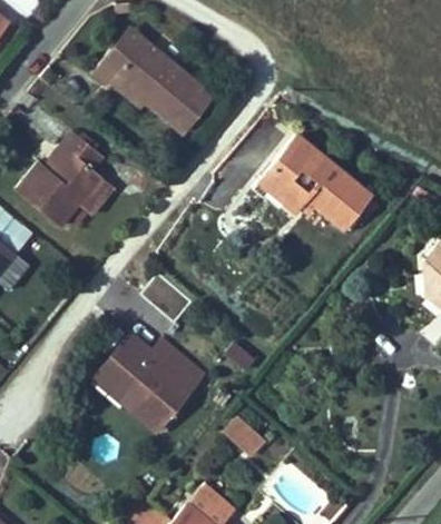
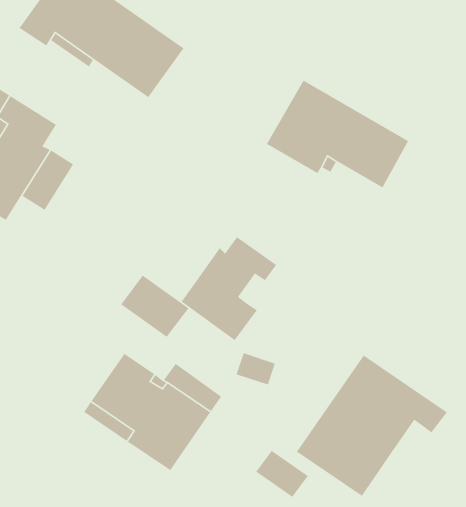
building: none -> [181,236,277,341]
building: none -> [296,354,448,497]

